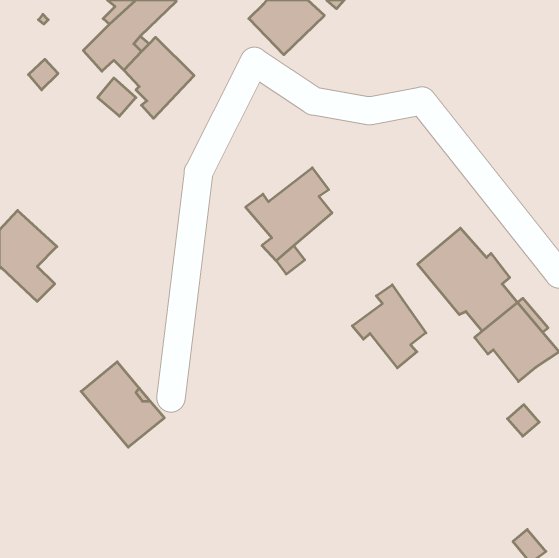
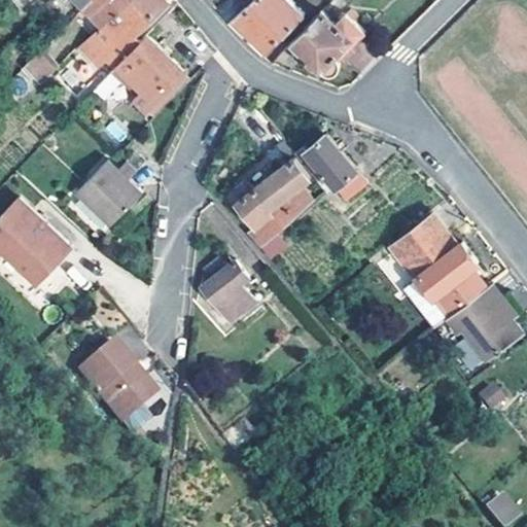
building: none -> [289,12,366,76]
building: none -> [294,134,368,205]
building: none -> [74,159,142,227]
building: none -> [204,258,255,322]
building: [352,285,426,368] -> none

